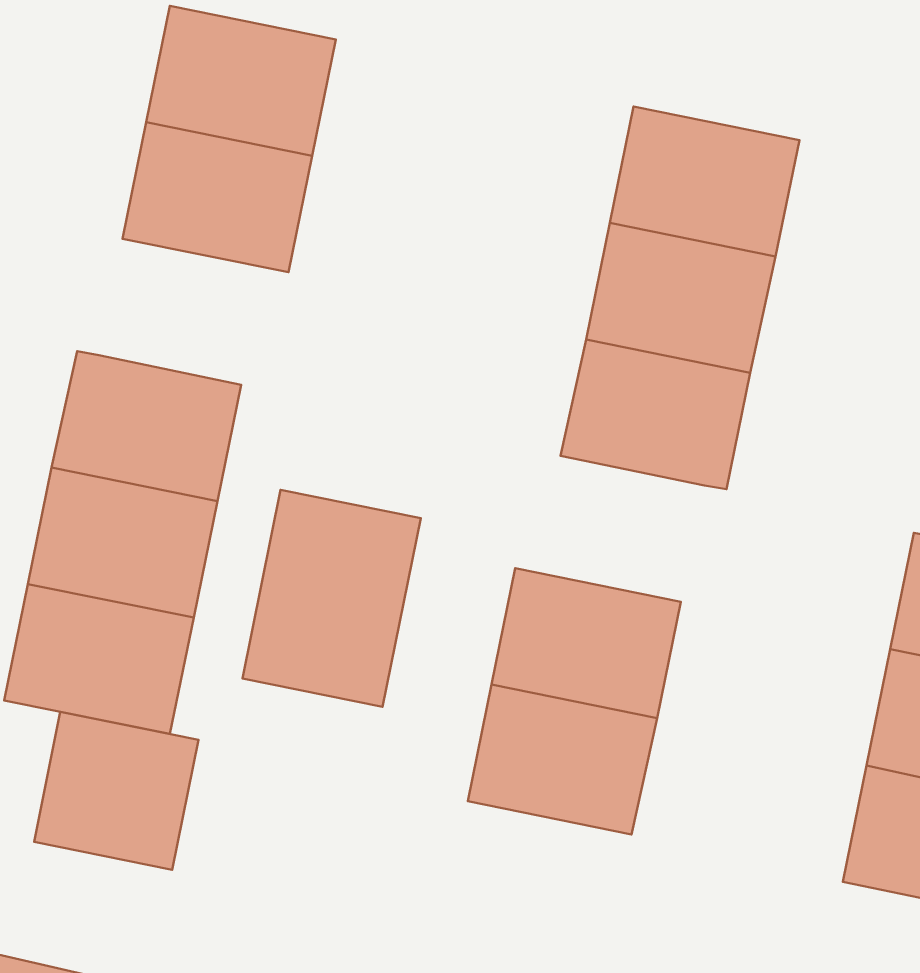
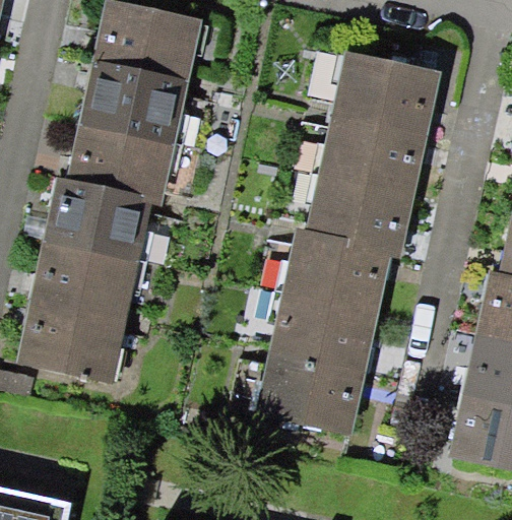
building: none -> [74,123,172,200]
building: none -> [289,233,386,310]
building: [242,490,421,707] -> none
building: [34,712,198,870] -> none

